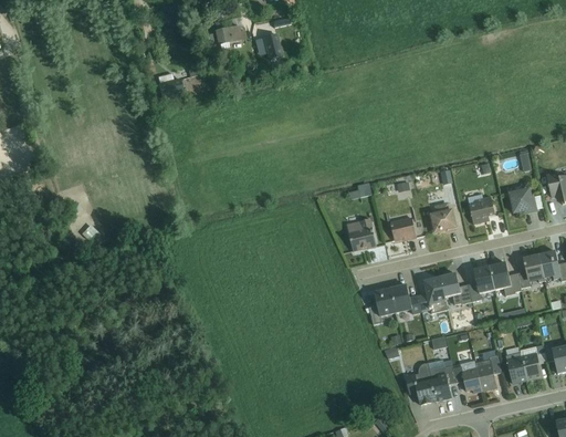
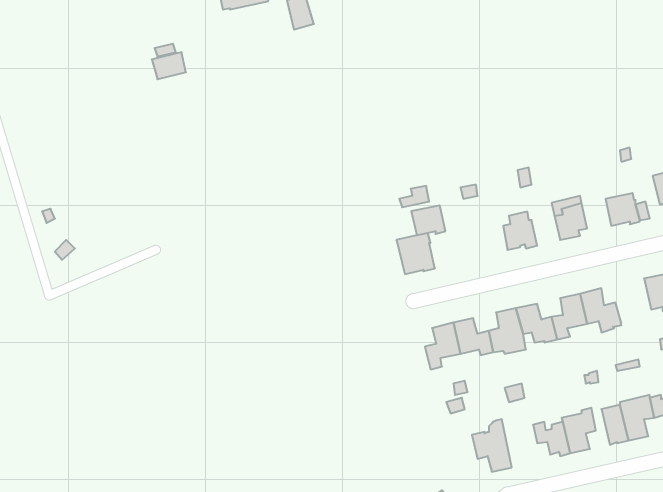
building: [389,217,416,240] -> [411,205,445,235]
building: [516,253,545,288] -> none
building: [428,358,455,400] -> none

